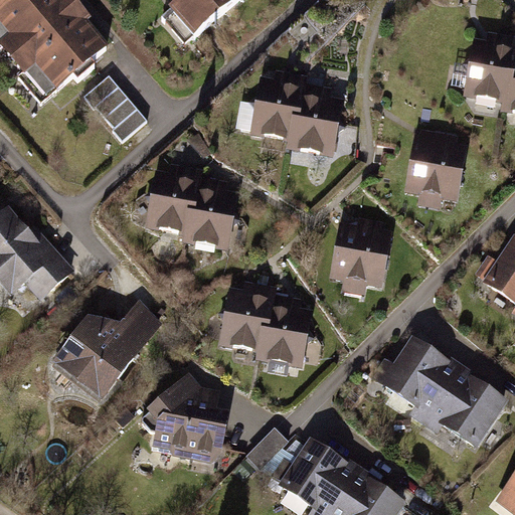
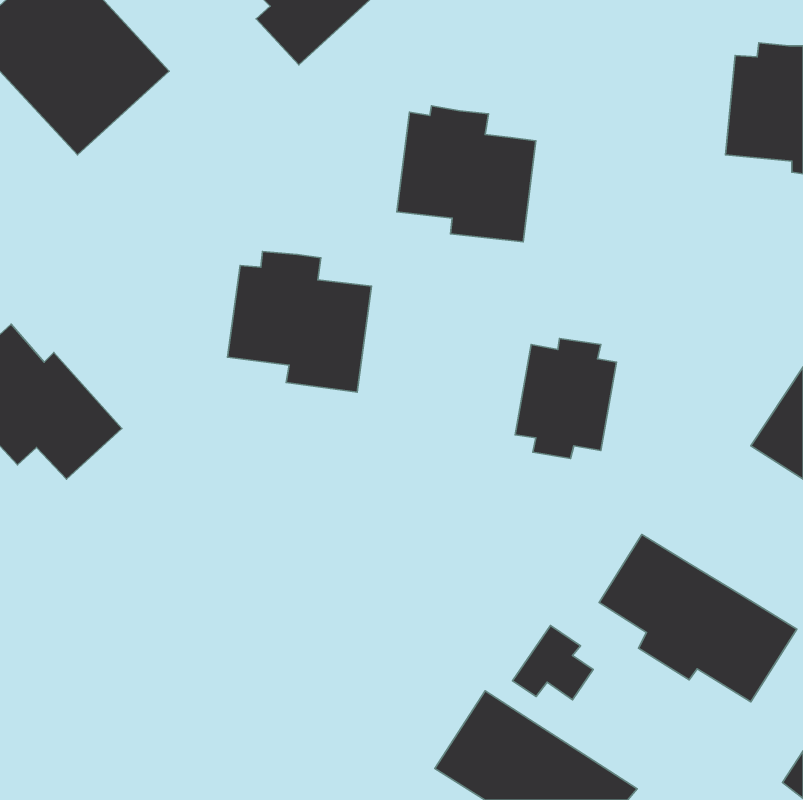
building: [85,74,148,140] -> none
building: [404,126,466,208] -> none
building: [219,280,309,367] -> none
building: [49,302,161,405] -> none
building: [142,373,226,459] -> none
building: [247,422,299,470] -> [513,625,593,700]

